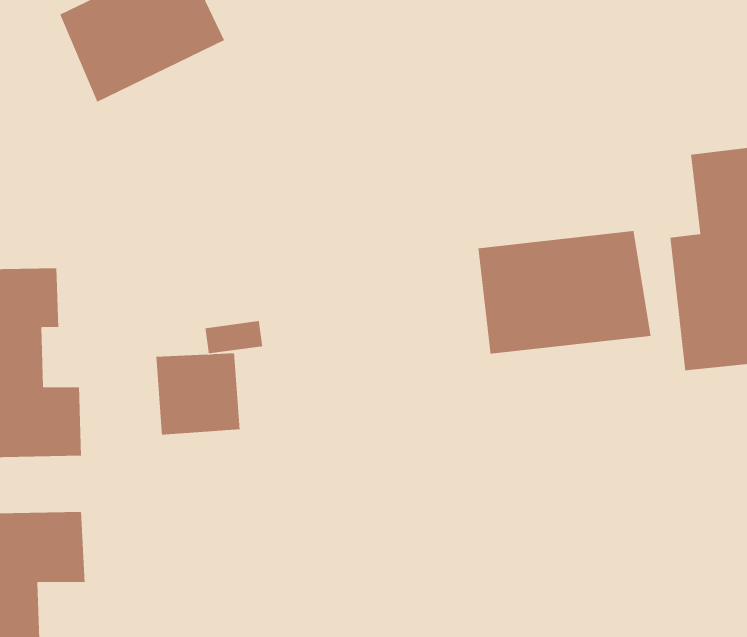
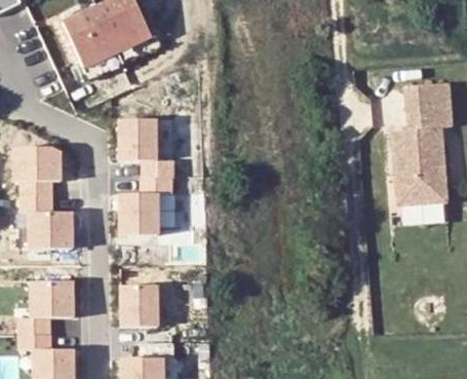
building: none -> [116,120,157,163]
building: [477,230,651,355] -> none
building: none -> [117,287,160,329]

